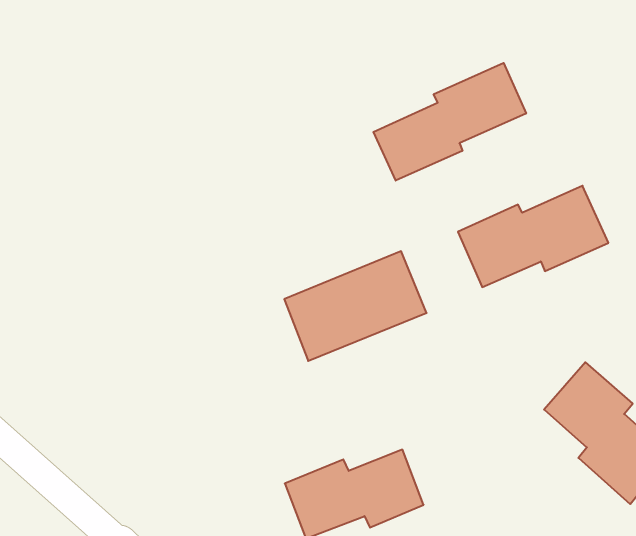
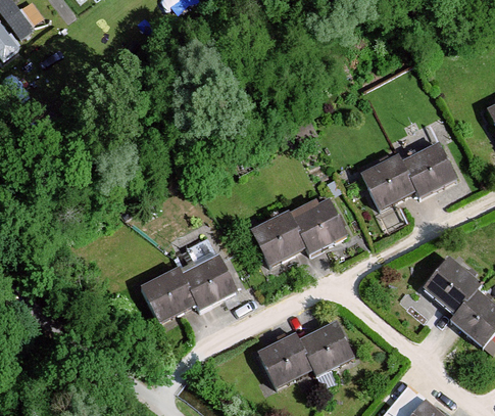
building: [373,63,526,181] -> none
building: none -> [143,255,235,317]

